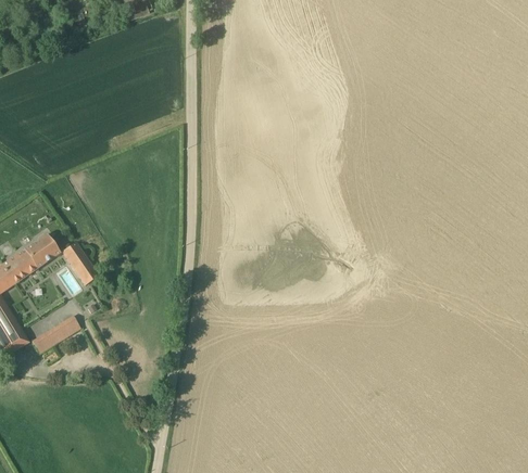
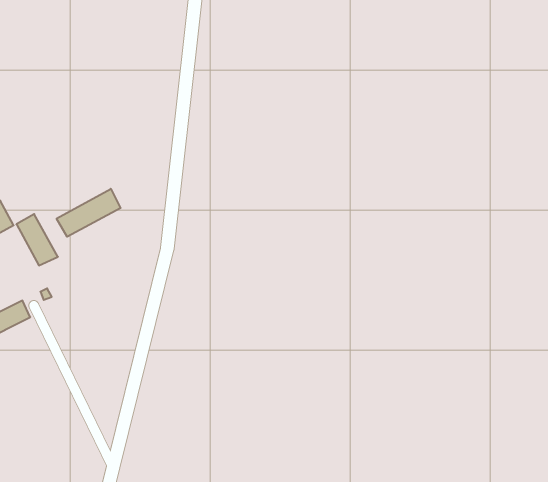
building: none -> [57,189,121,237]

